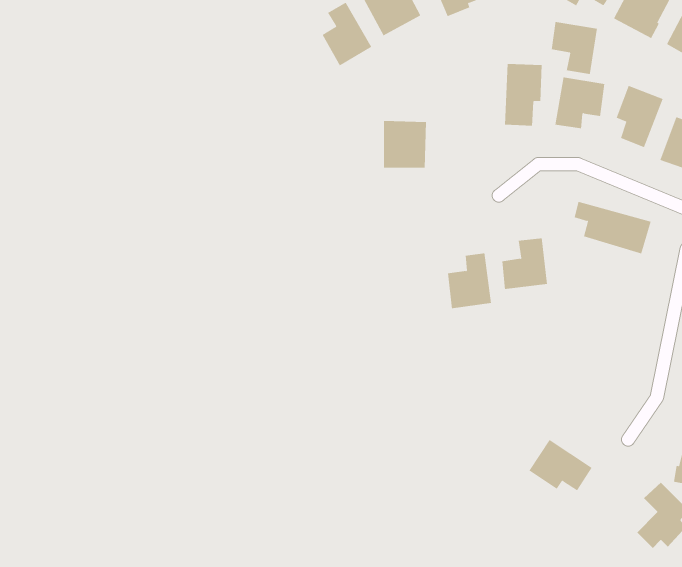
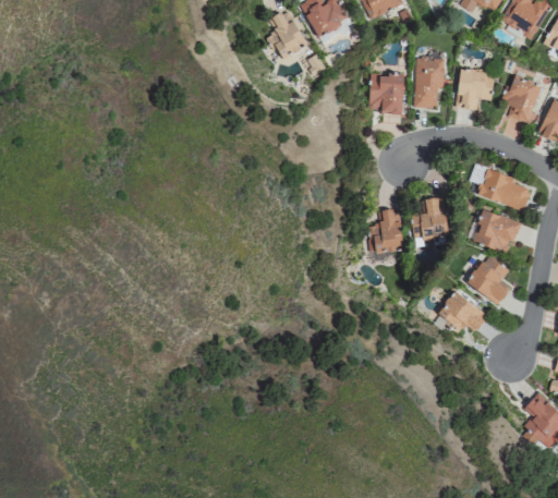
building: [551,21,598,75] -> none
building: [383,120,427,168] -> [369,74,404,112]
building: none -> [474,210,521,252]
building: none -> [468,254,510,304]
building: [529,439,593,491] -> [437,291,488,332]

